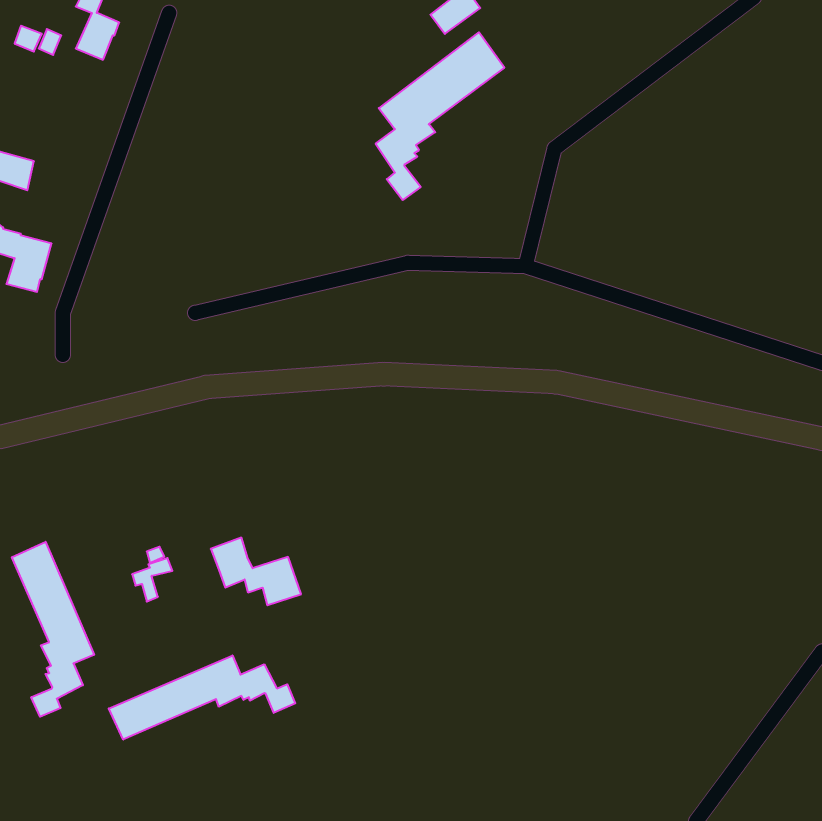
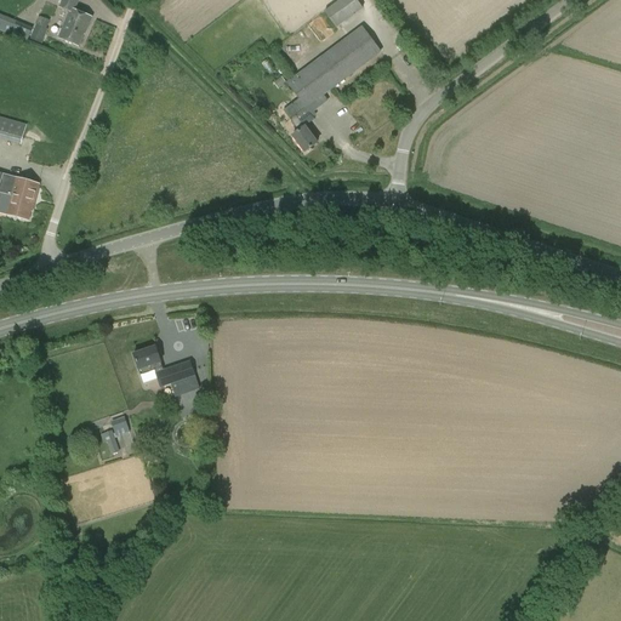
building: [211,538,301,605] -> [131,344,199,395]
building: [12,542,94,717] -> none
building: [109,655,295,740] -> none

